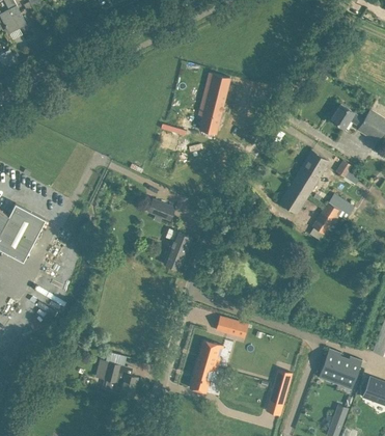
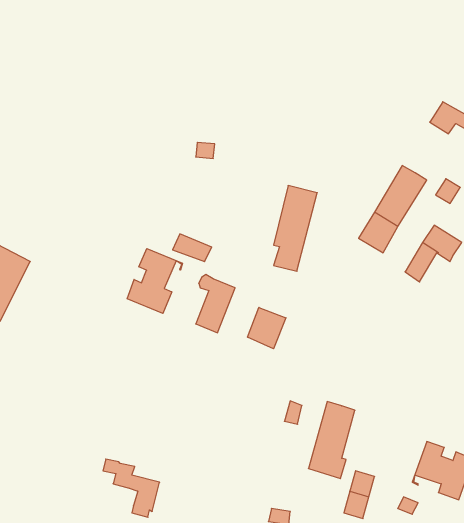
building: [198,74,229,135] -> [274,186,317,271]
building: none -> [127,249,183,313]
building: none -> [248,307,286,349]
building: [189,340,222,396] -> [308,402,355,479]

